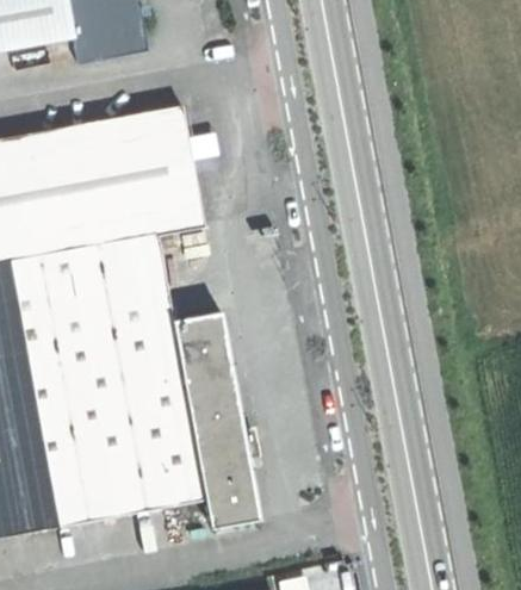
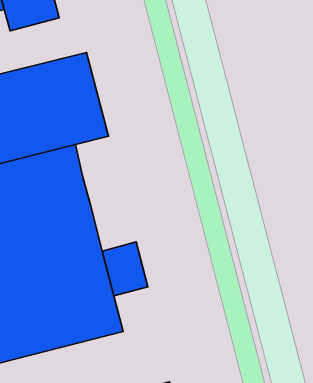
building: [173,311,232,383] -> none
building: [197,436,260,529] -> none

